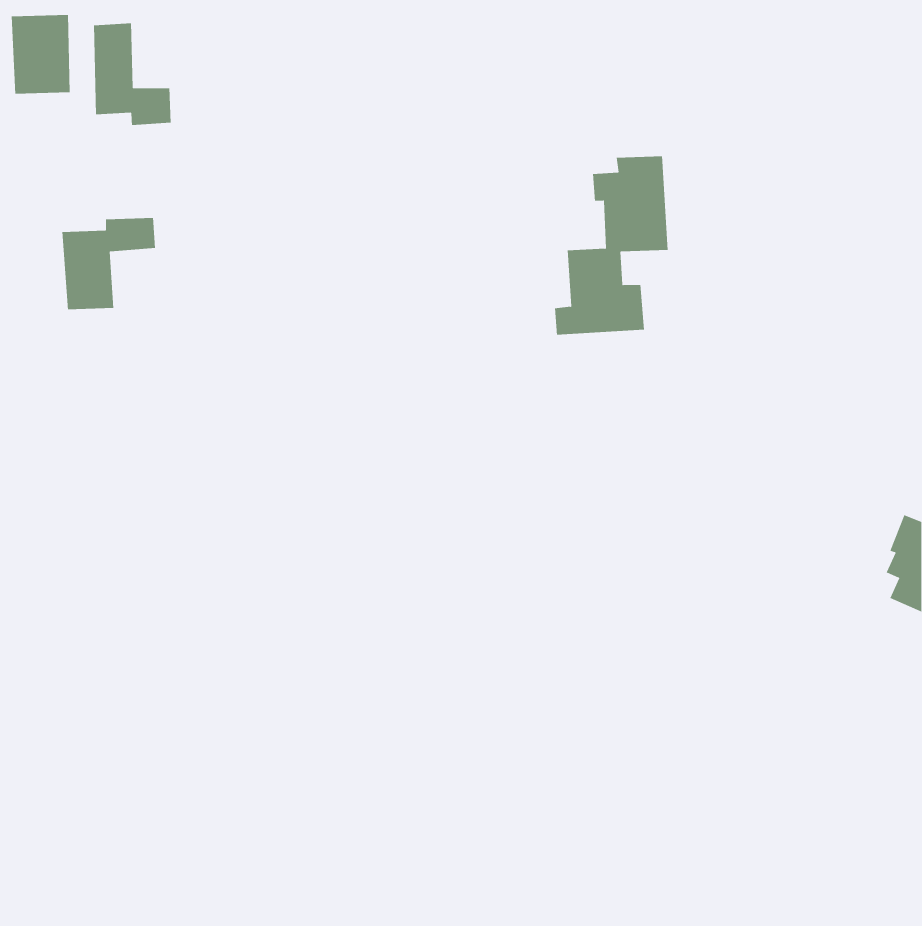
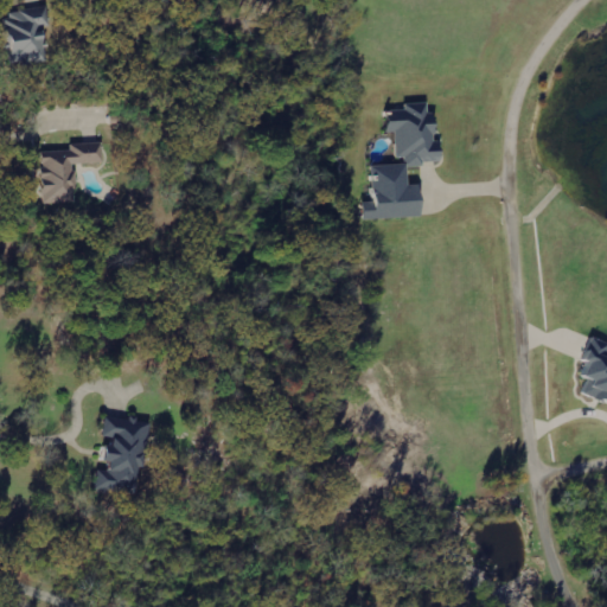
building: [94,22,171,126] -> none
building: none -> [94,414,149,491]

